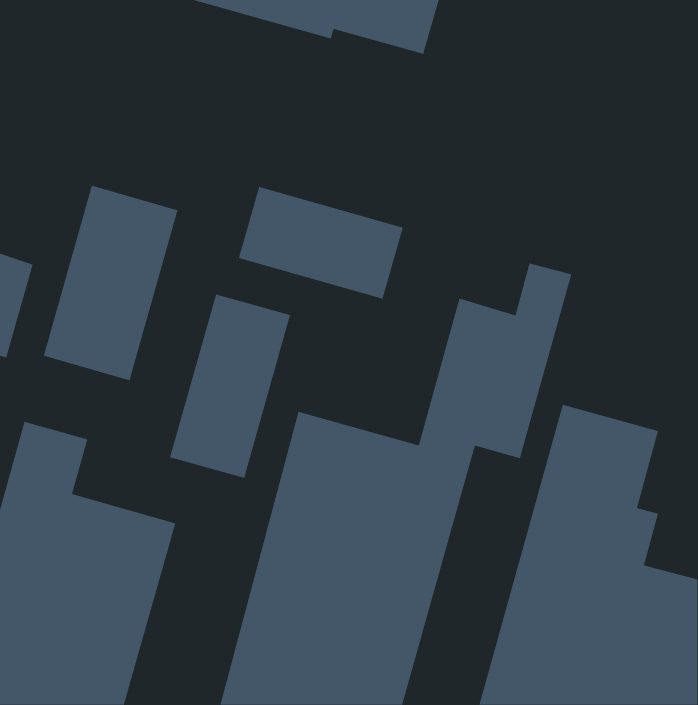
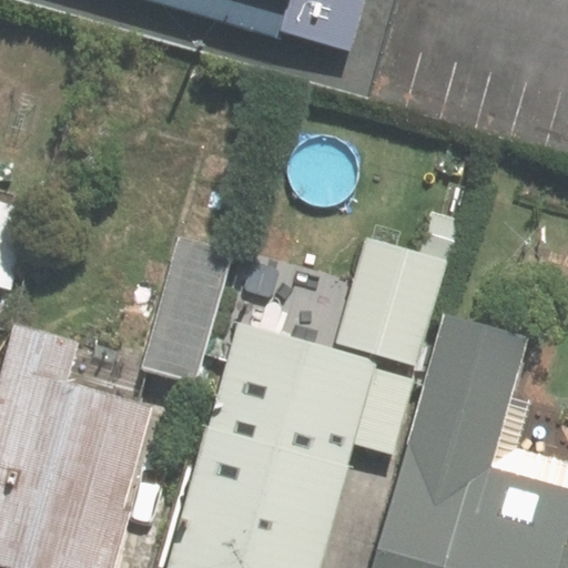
building: [43,185,178,381] -> none
building: [238,186,404,299] -> none

